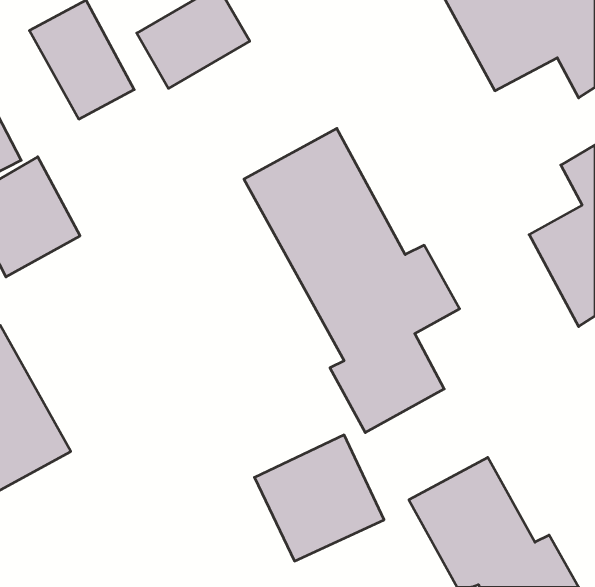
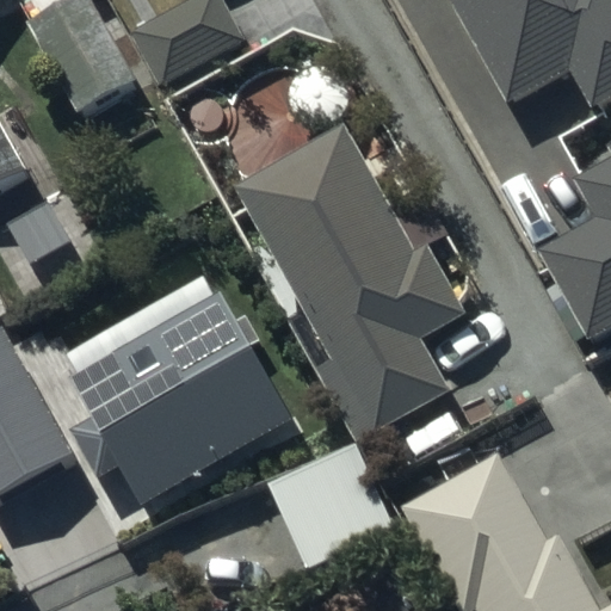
building: none -> [64,282,289,494]

